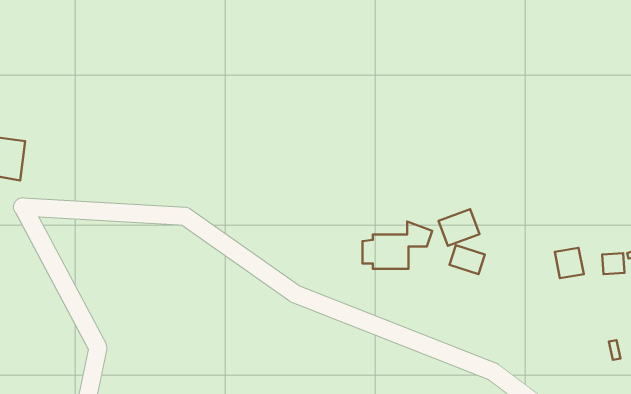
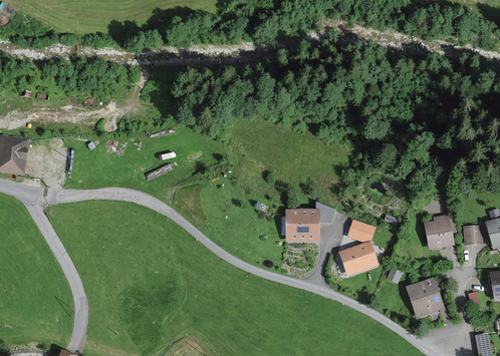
building: [439,209,479,246] -> [343,245,374,273]
building: none -> [413,284,438,311]

